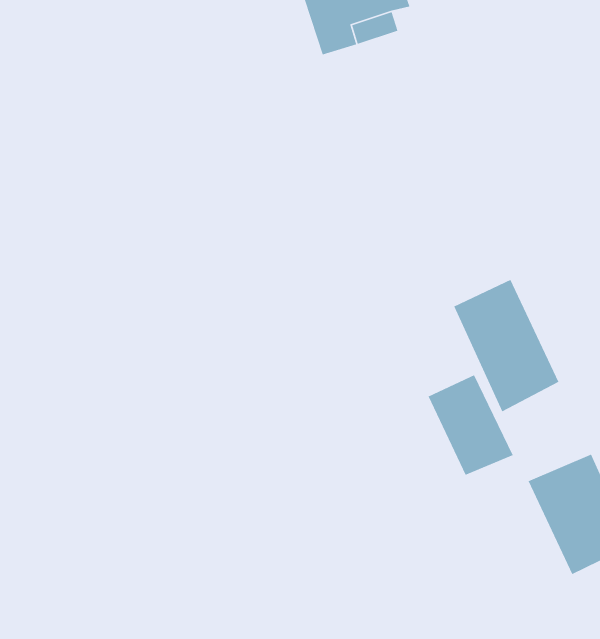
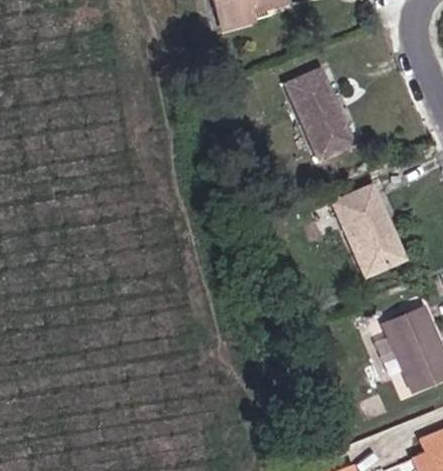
building: none -> [283,67,356,157]
building: [428,374,514,476] -> none

